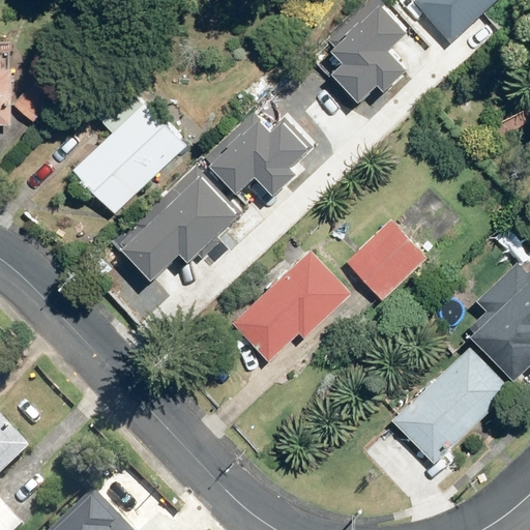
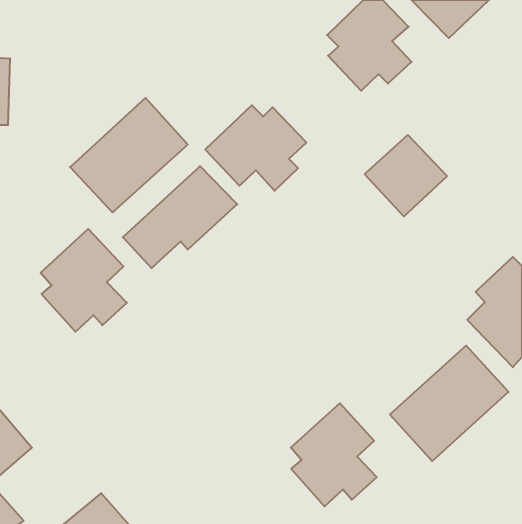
building: [342,219,424,301] -> [365,135,447,216]
building: none -> [41,229,127,332]
building: [232,252,351,365] -> none
building: none -> [291,403,377,506]

